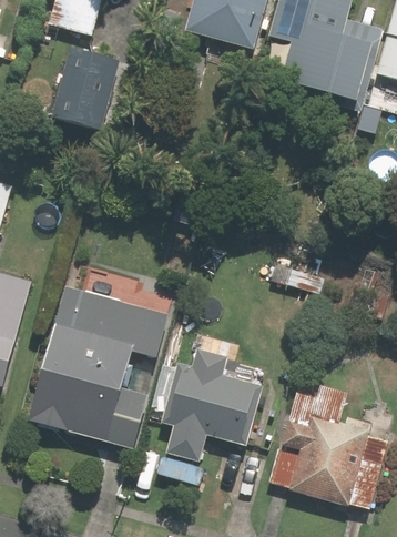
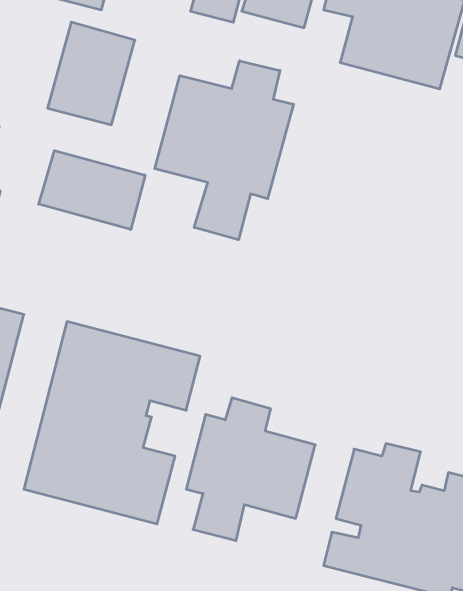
building: none -> [155,61,293,240]
building: none -> [39,151,145,230]

